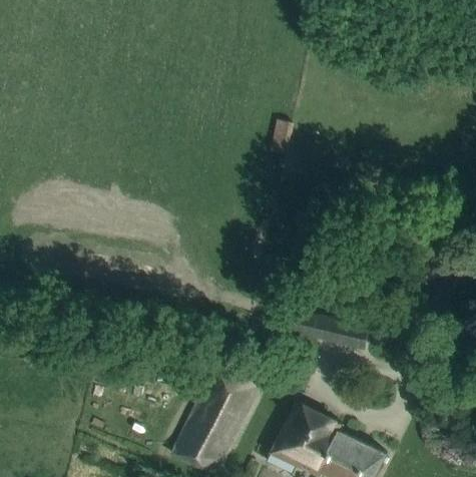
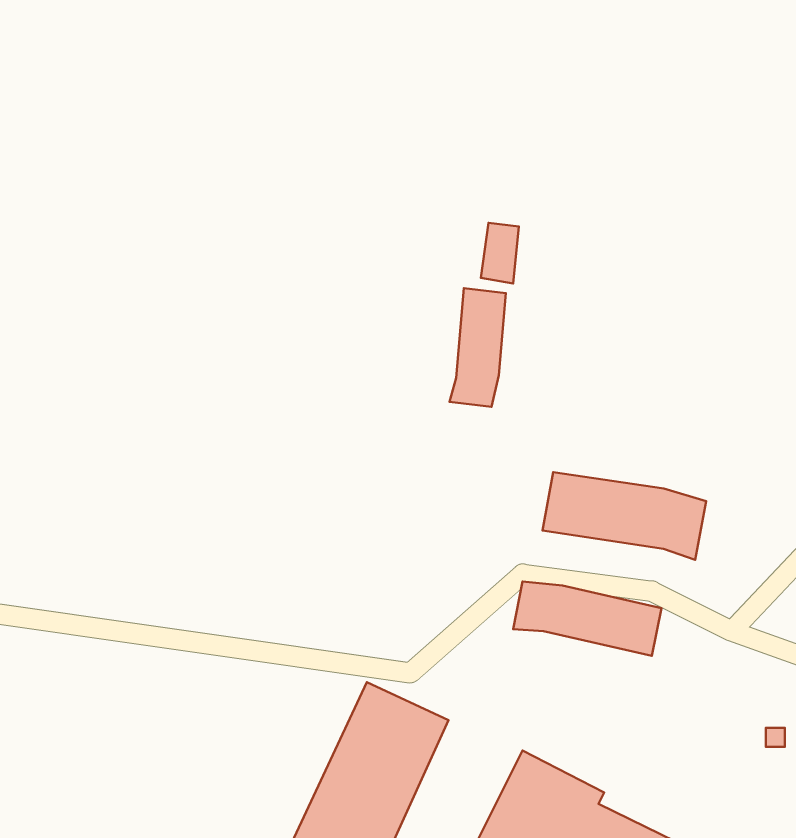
building: none -> [450,288,506,407]
building: none -> [542,472,706,560]

